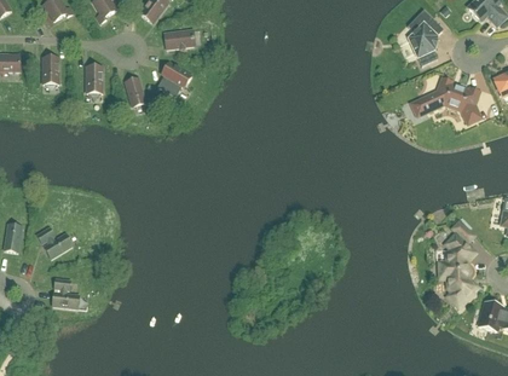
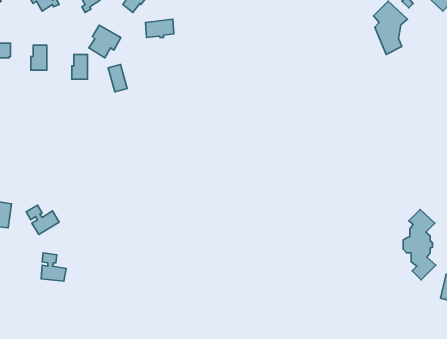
building: [158,62,192,97] -> [89,25,121,58]
building: [412,77,480,122] -> none

